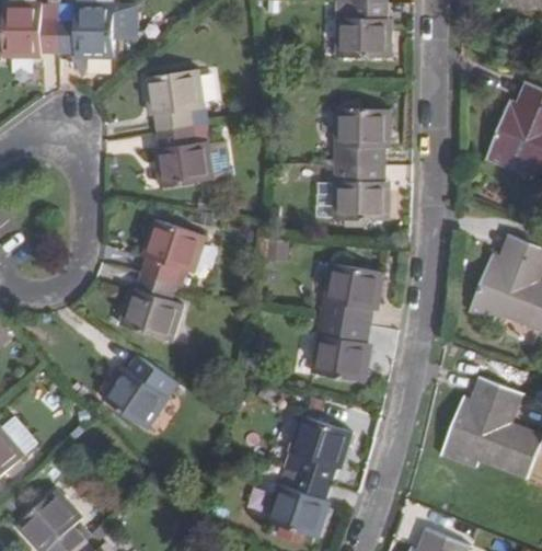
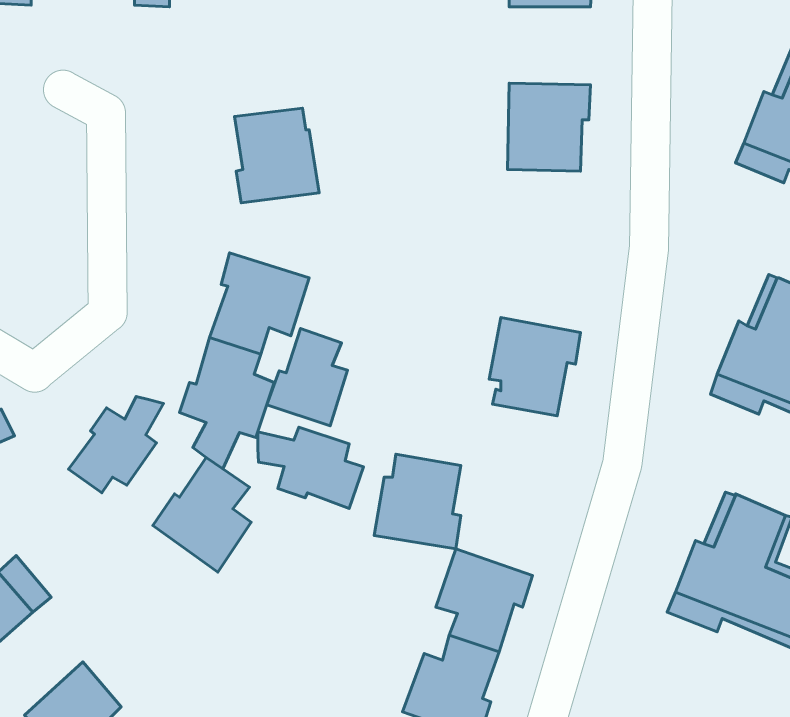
building: [146,69,204,129] -> none
building: [335,164,388,221] -> none
building: none -> [267,329,348,426]
building: none -> [68,397,164,493]
building: [312,319,369,381] -> [374,454,461,549]
building: none -> [258,427,364,508]

